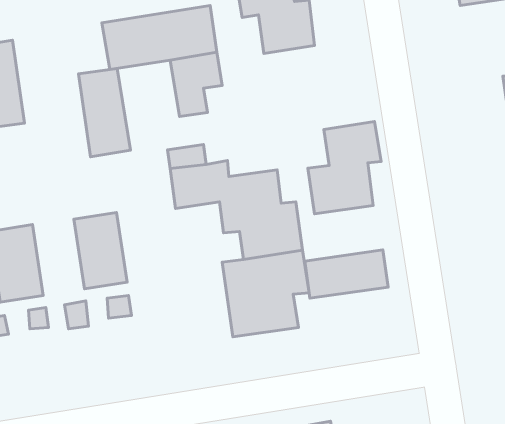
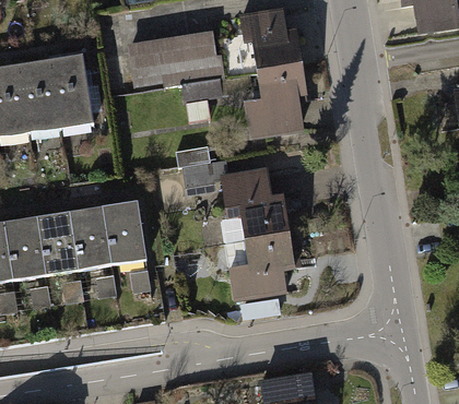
building: [78,69,131,157] -> [52,56,95,128]
building: [308,121,381,214] -> [245,64,305,140]
building: none -> [69,206,111,269]
building: [305,250,388,298] -> none

